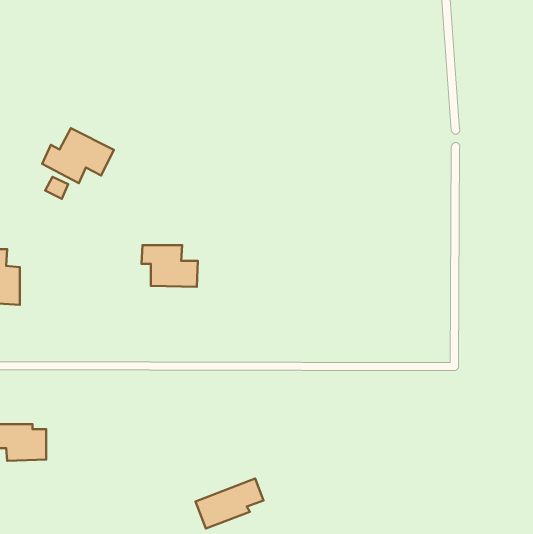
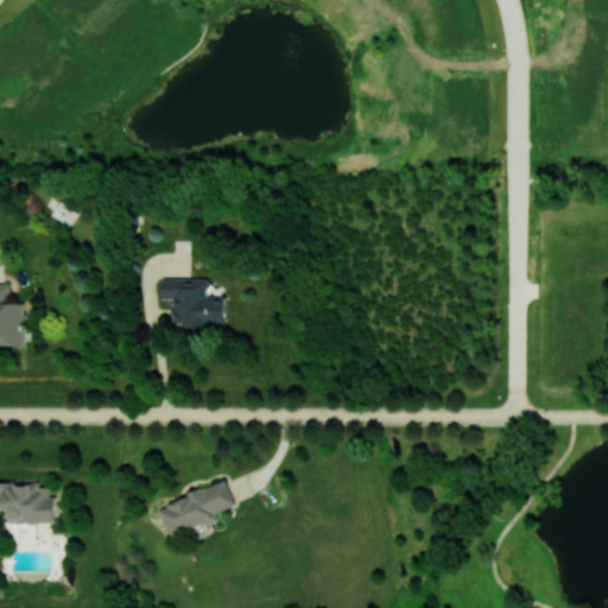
building: [42,128,114,183] -> none
building: [195,478,264,529] -> [157,481,234,538]

